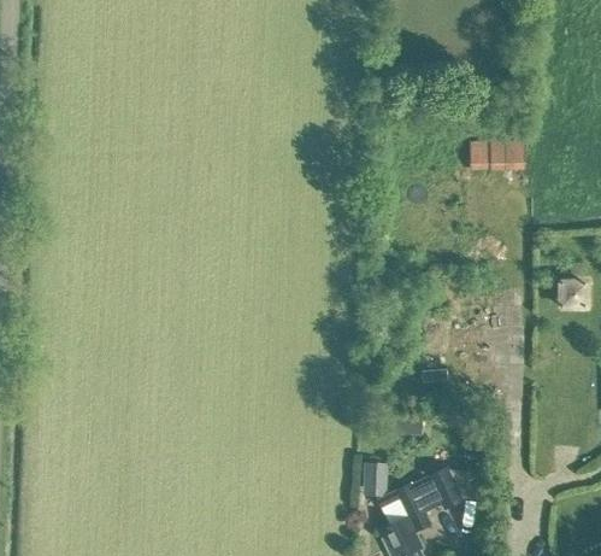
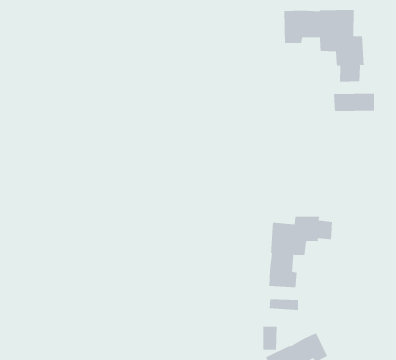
building: none -> [284,9,364,82]
building: none -> [269,216,333,288]

